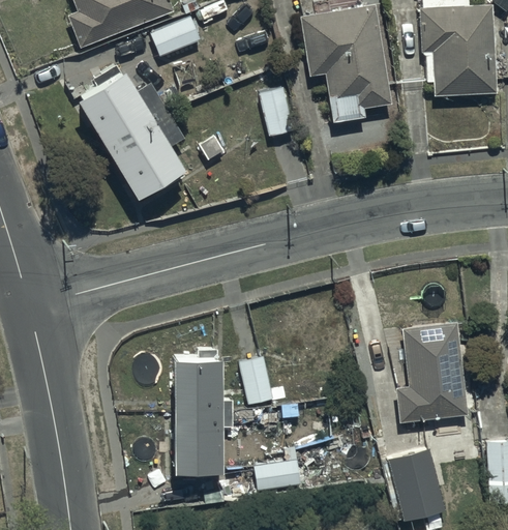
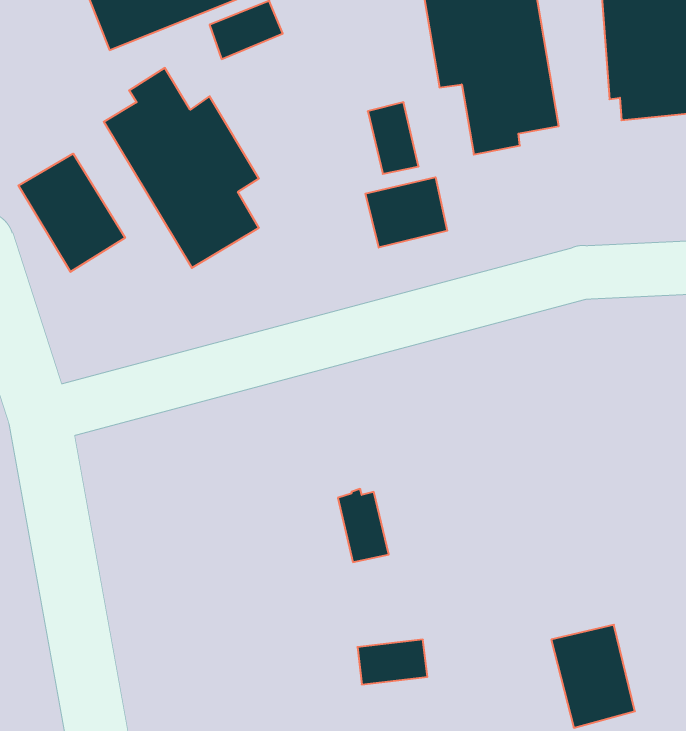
building: none -> [18,154,125,272]
building: none -> [365,177,447,248]
building: [396,322,469,422] -> none
building: [174,347,249,471] -> none

